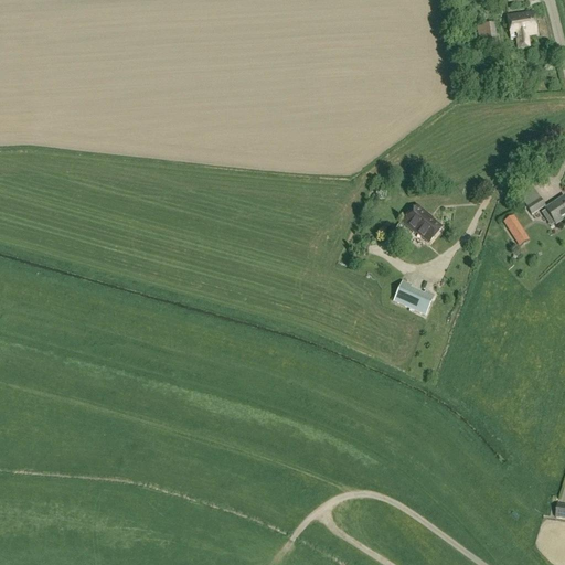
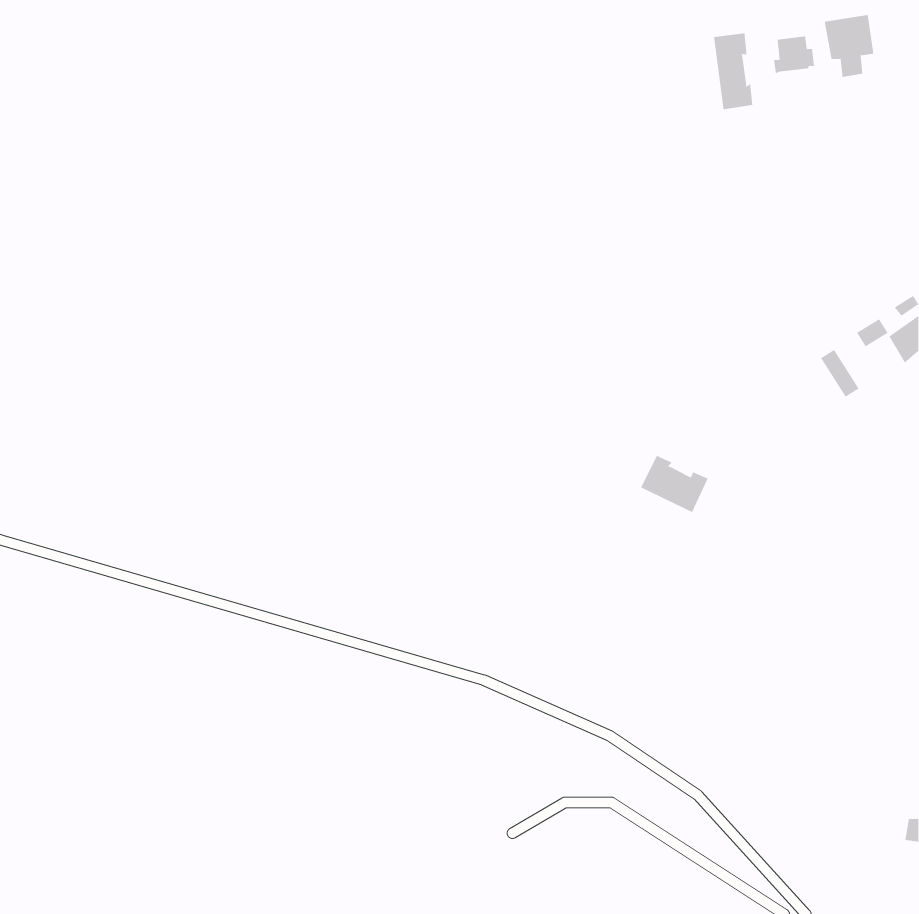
building: none -> [713,32,753,110]
building: [403,204,441,241] -> none

